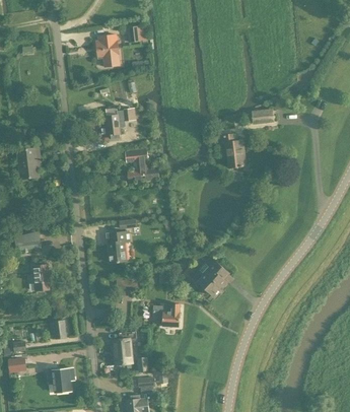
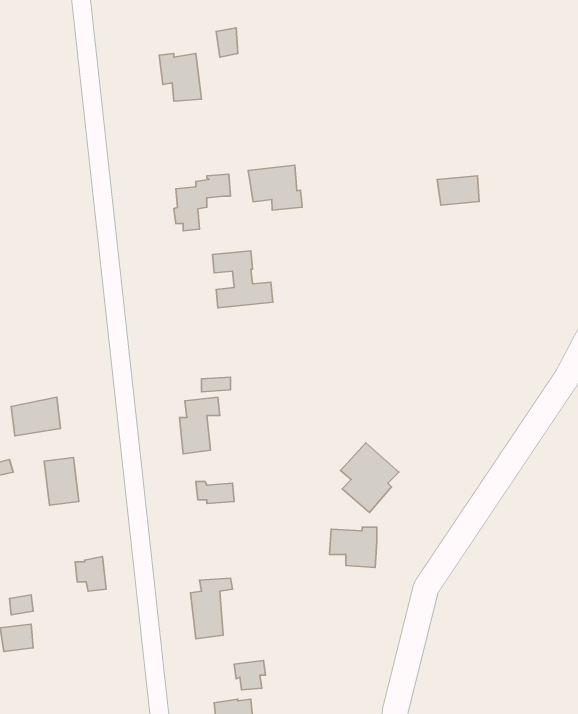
building: none -> [248,165,302,210]
building: [221,133,246,166] -> none
building: [17,146,40,178] -> none
building: [153,303,180,326] -> [329,527,377,567]
building: [47,366,75,393] -> none

